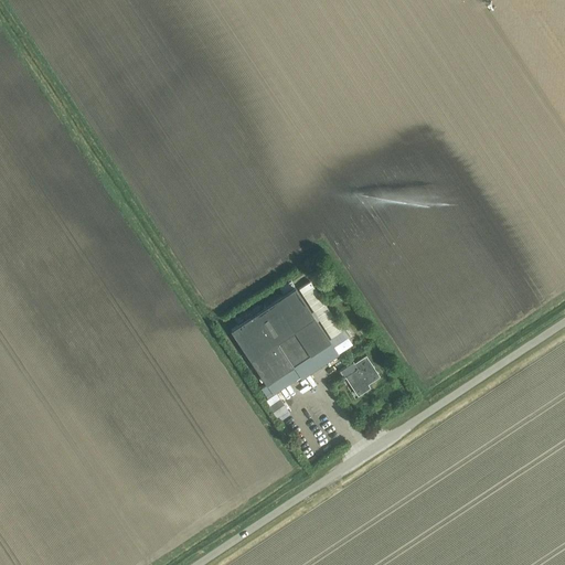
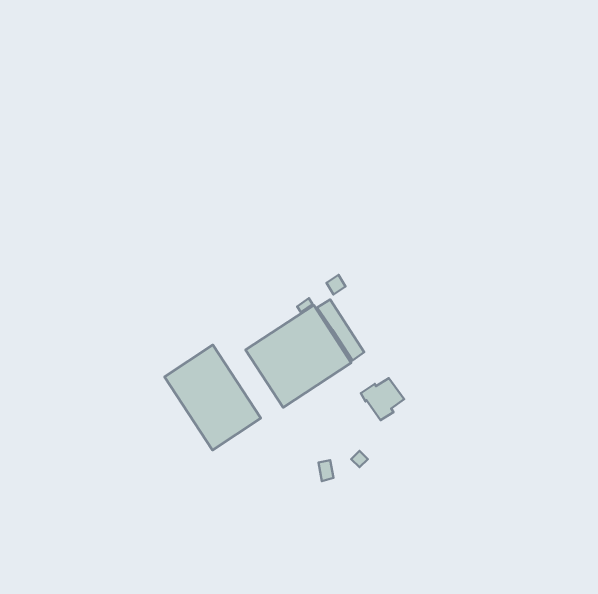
building: none -> [164,345,261,450]

